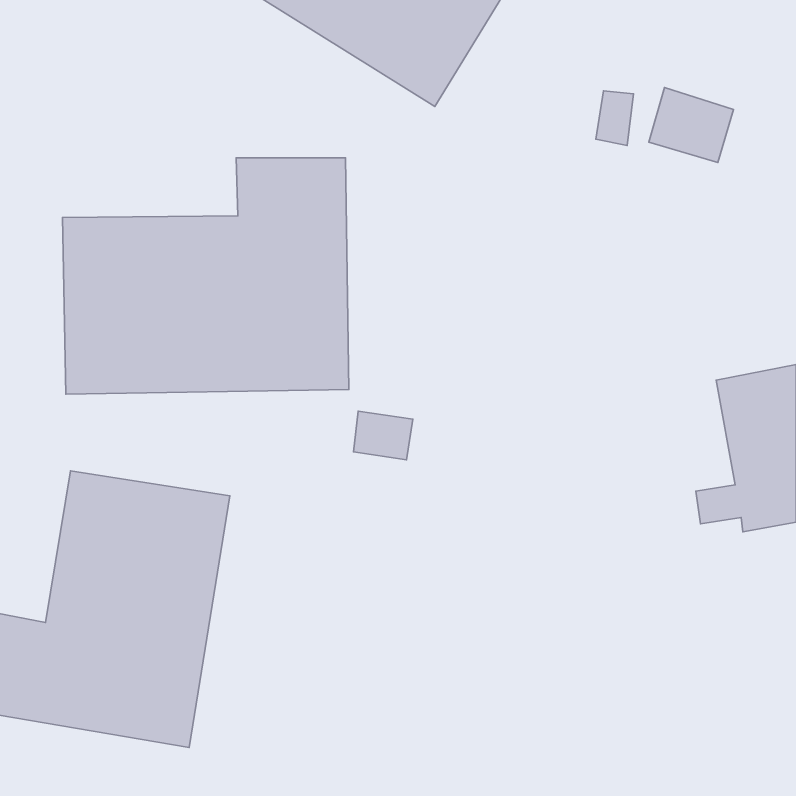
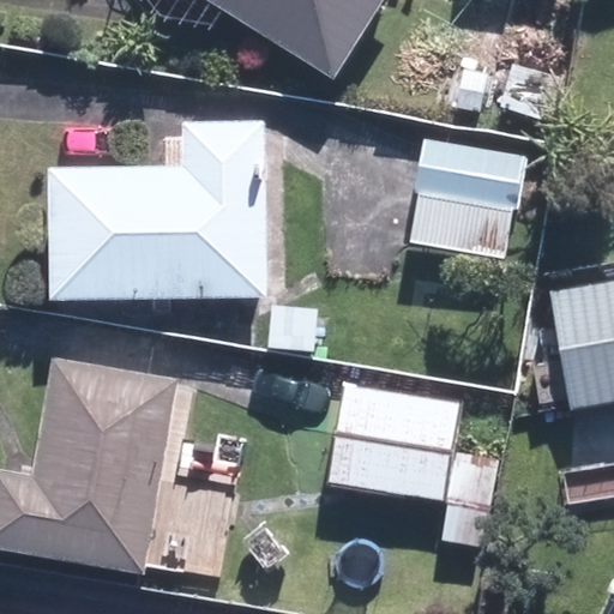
building: none -> [408,137,546,259]
building: none -> [327,381,498,552]

